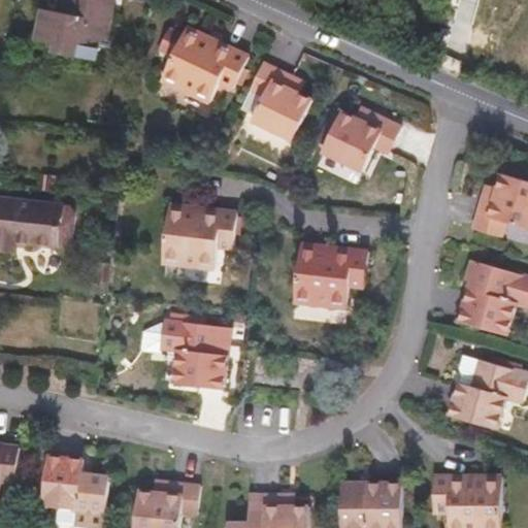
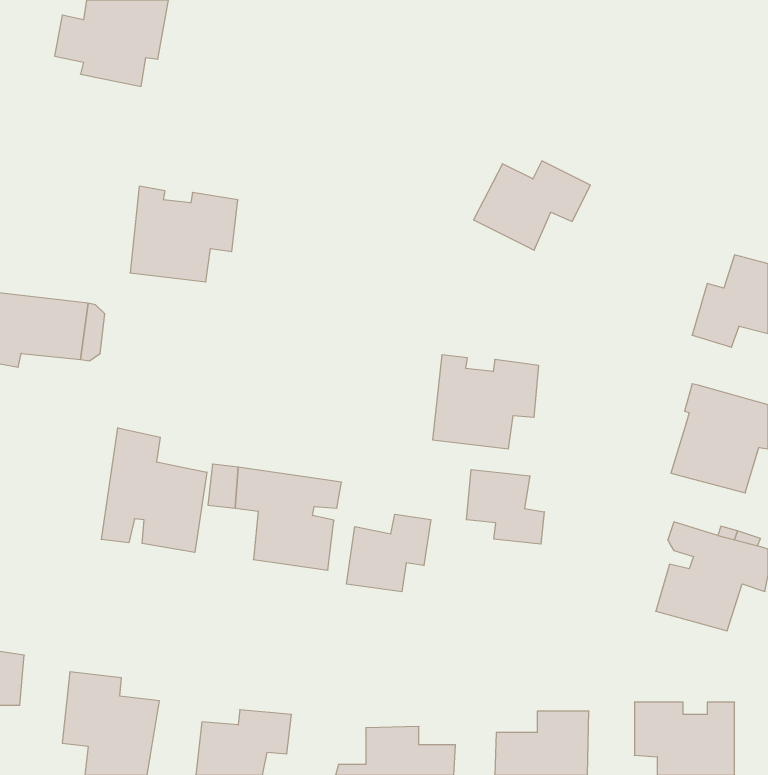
building: [159,24,249,99] -> none
building: [251,59,314,137] -> none
building: [162,201,235,266] -> [130,186,238,282]
building: none -> [101,428,207,552]
building: none -> [466,470,544,544]
building: none -> [346,514,431,592]

